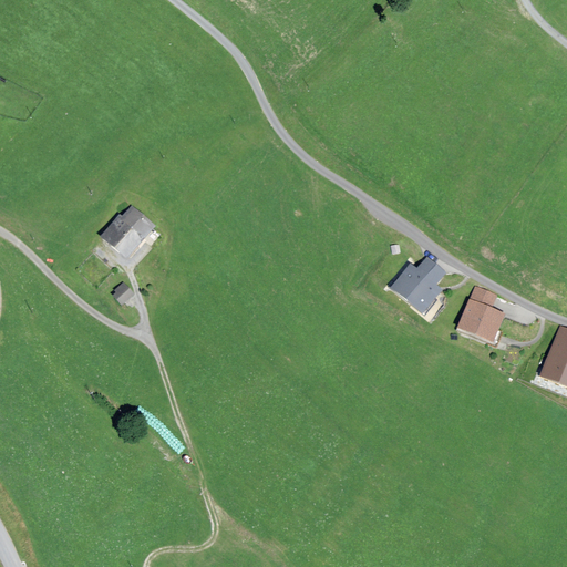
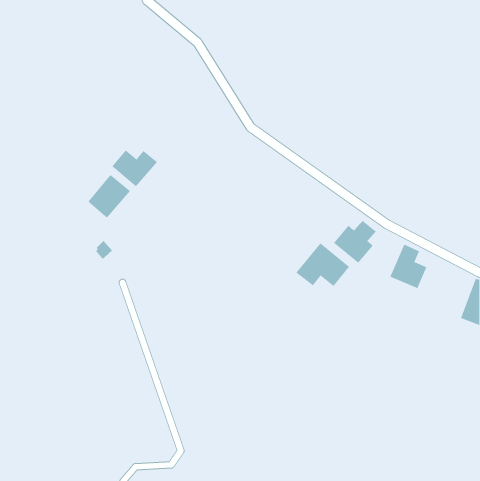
building: none -> [111,150,158,187]
building: none -> [296,243,350,287]

